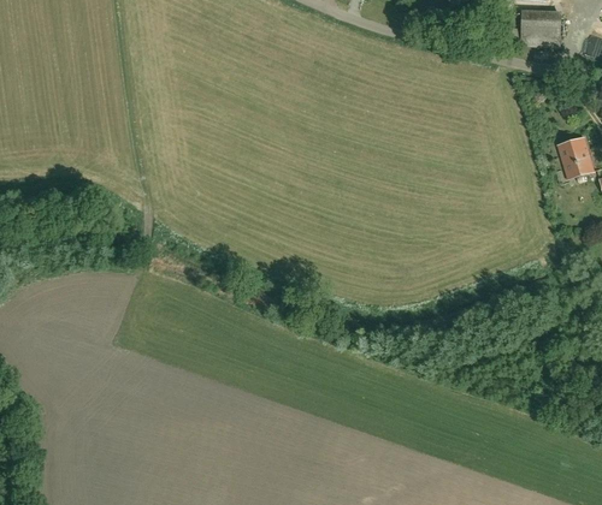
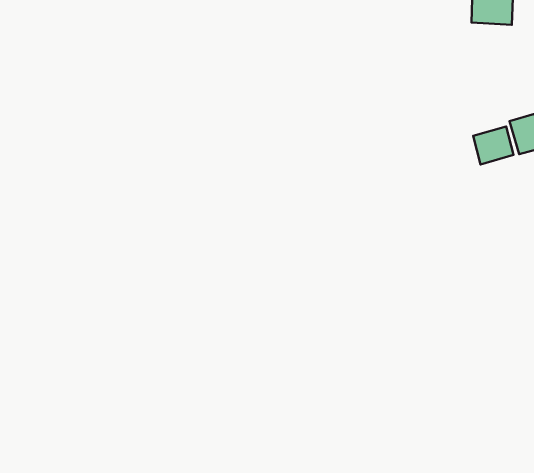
building: none -> [473,127,513,164]

